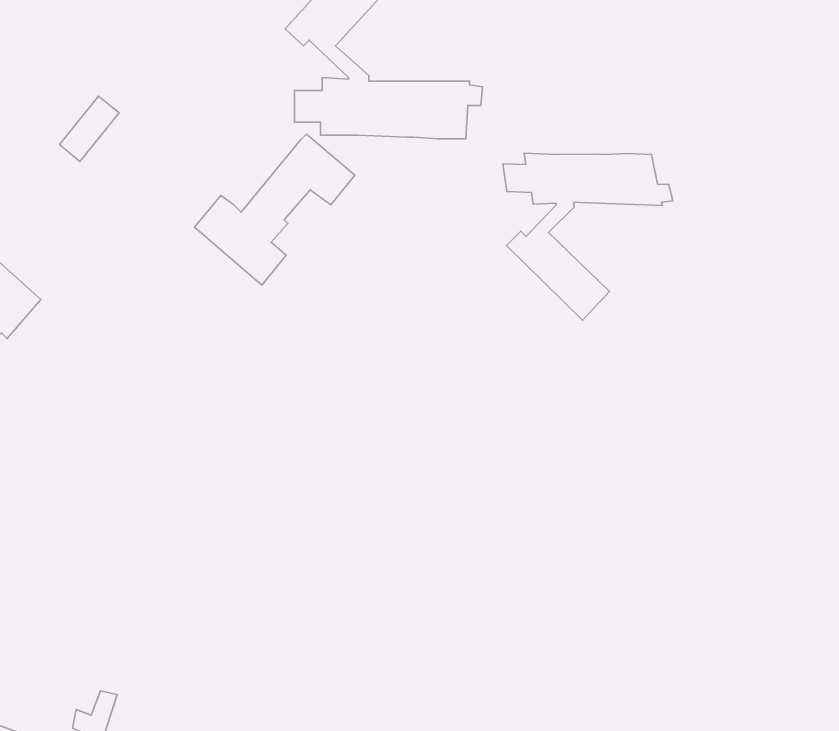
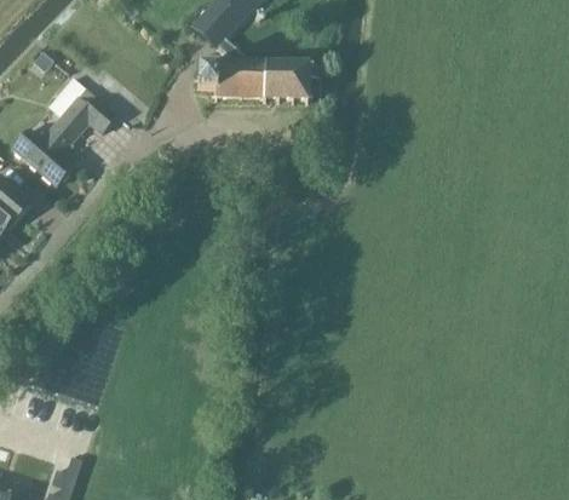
building: [195,134,355,285] -> [12,88,116,186]
building: [503,153,673,320] -> none

